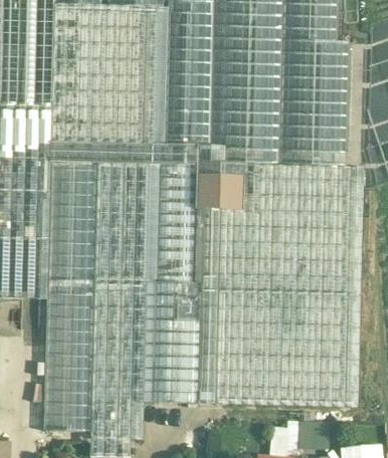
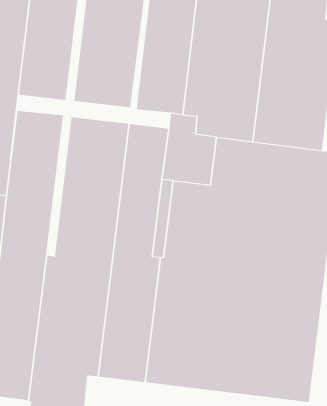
building: [51,140,198,290] -> none

